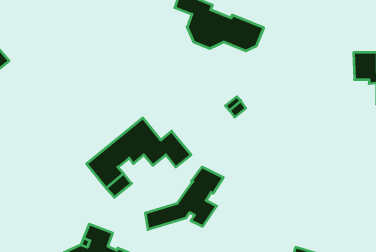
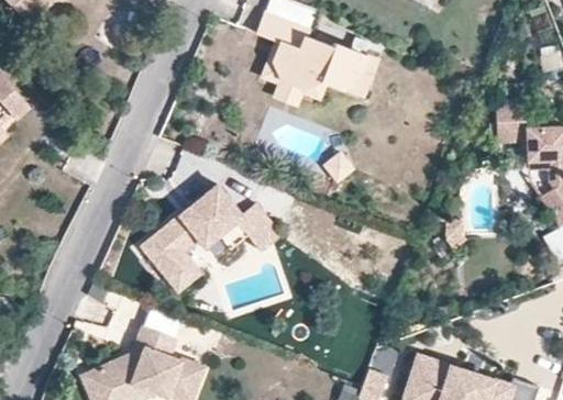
building: [146,167,223,230] -> none

